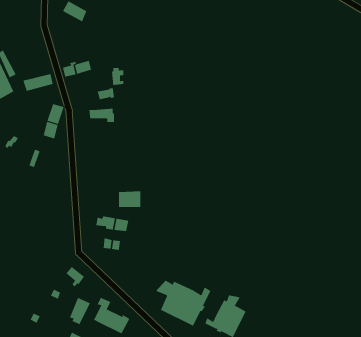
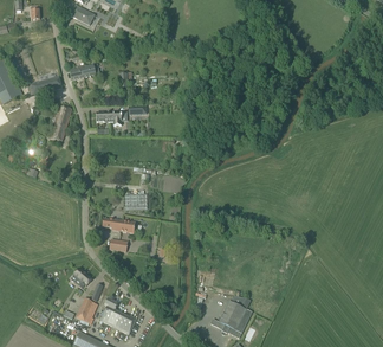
building: [155,280,211,327] -> none

